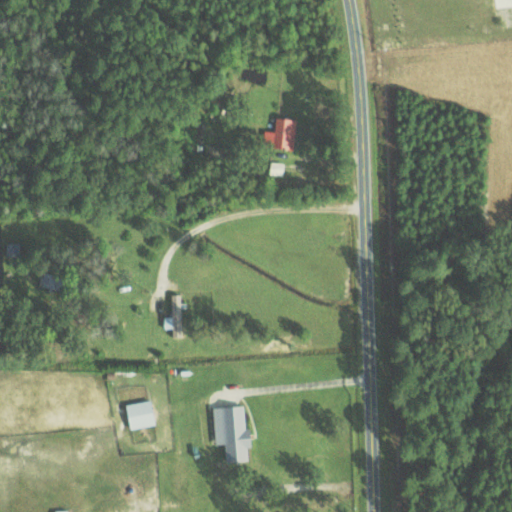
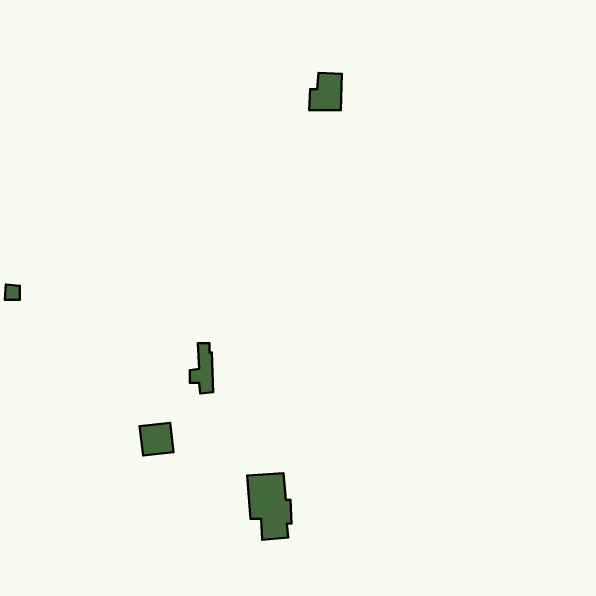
building: [268,119,296,151] -> [309,73,342,110]
building: [126,401,155,429] -> [140,423,174,456]

